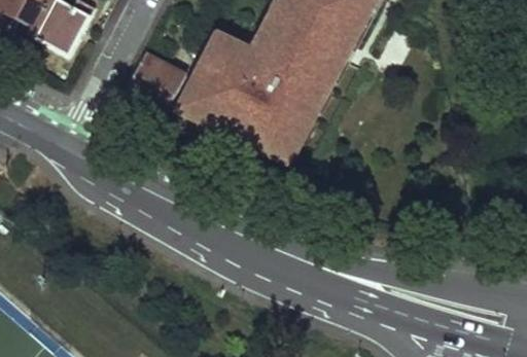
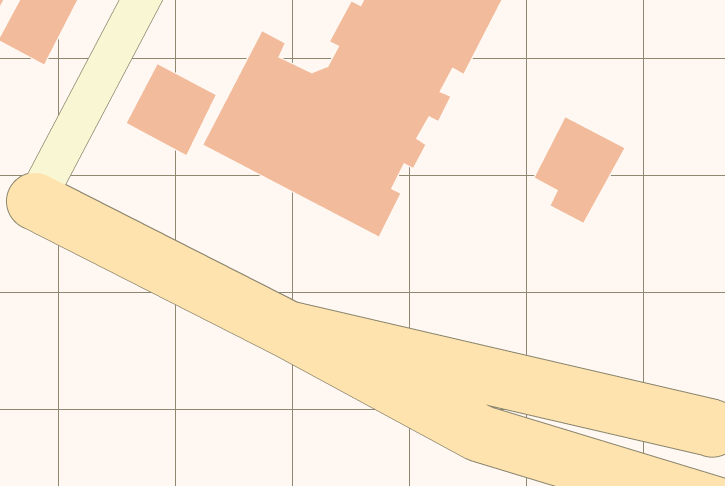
building: none -> [534,117,625,223]

